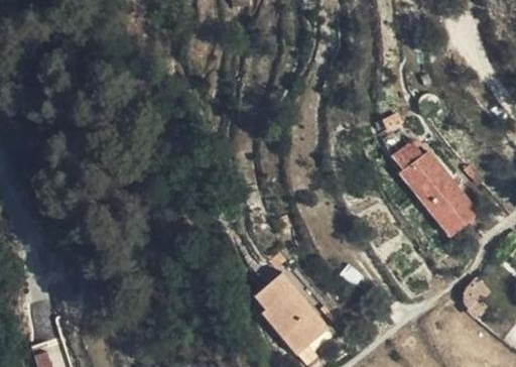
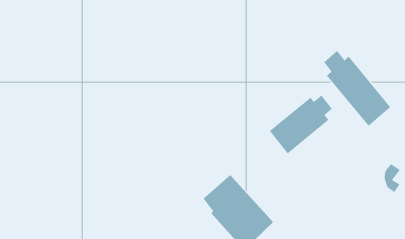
building: none -> [269,94,333,154]

